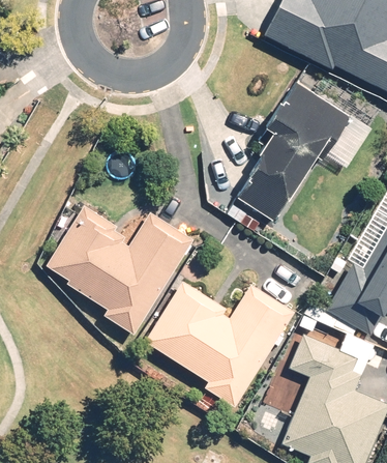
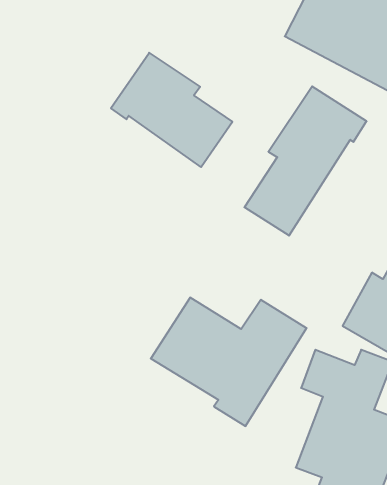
building: none -> [111,53,232,167]
building: [48,207,194,332] -> none

